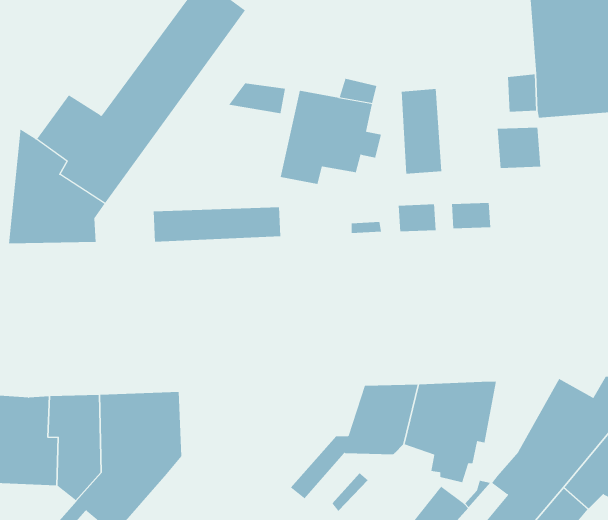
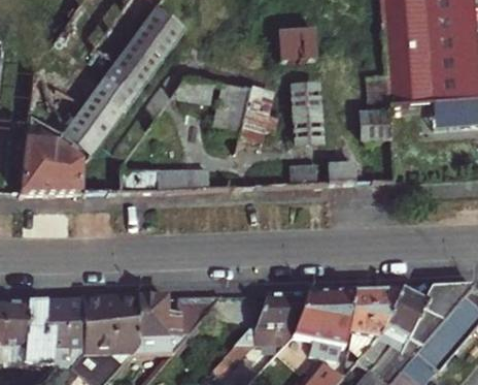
building: none -> [279,27,316,59]
building: none -> [350,285,404,353]
building: none -> [131,292,225,352]

